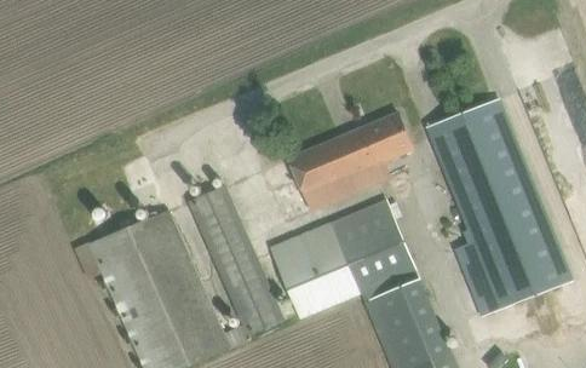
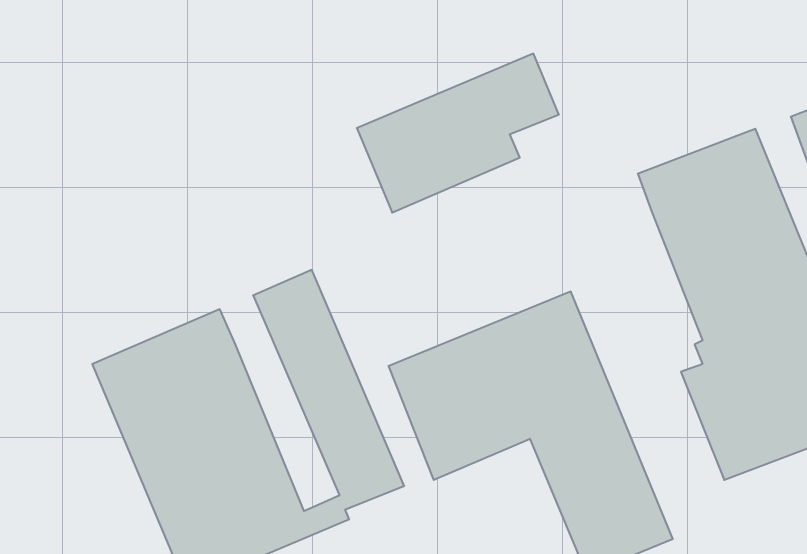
building: [288,113,413,211] -> [357,54,559,213]

